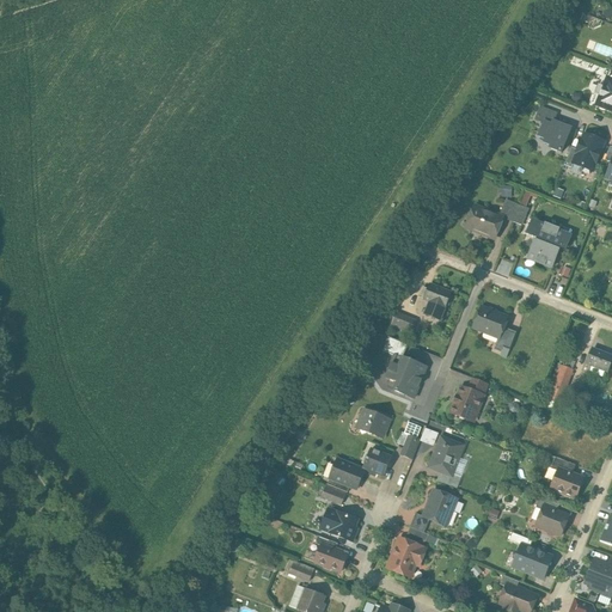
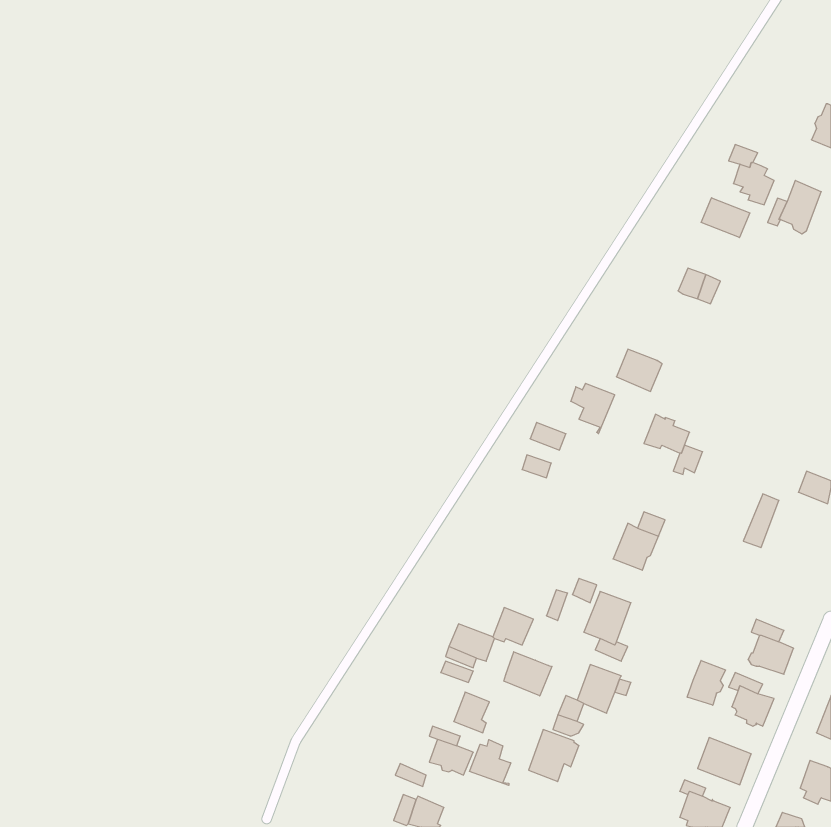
building: none -> [701,198,750,238]
building: [469,206,502,237] -> [616,349,662,391]
building: [527,219,570,265] -> none
building: [386,353,427,397] -> none
building: [357,408,390,436] -> none
building: none -> [504,652,552,696]
building: none -> [687,660,725,705]
building: none -> [470,740,511,785]

